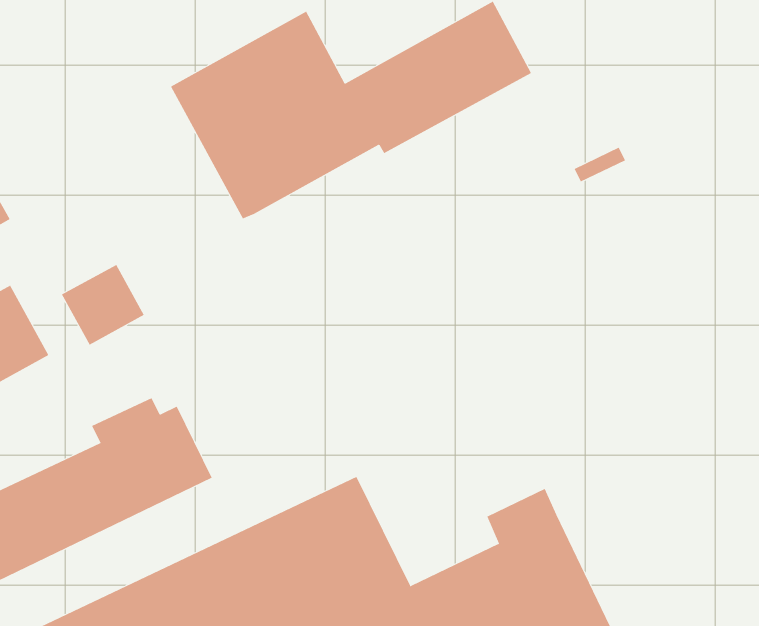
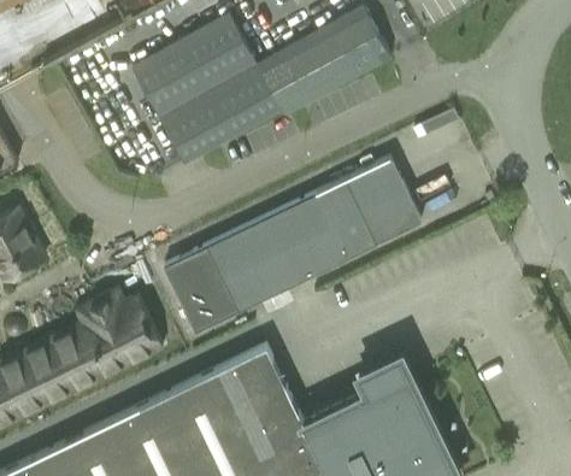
building: none -> [163,159,422,333]
building: [61,264,145,346] -> none

